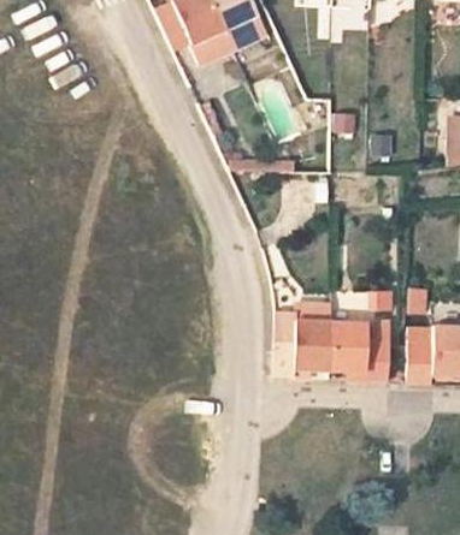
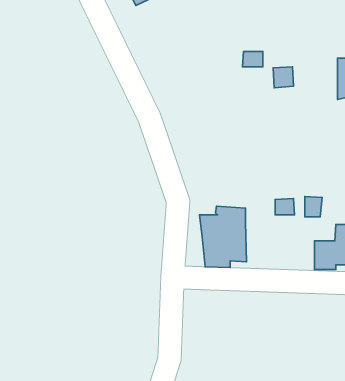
building: [332,322,393,380] -> none

